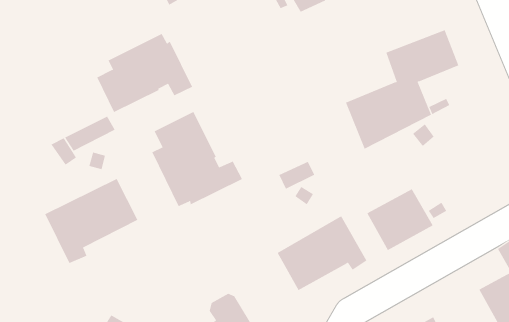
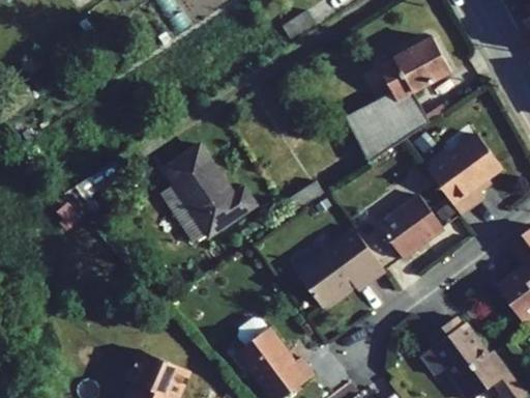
building: [96,33,193,113] -> none
building: none -> [428,134,503,215]
building: [44,178,138,264] -> none

